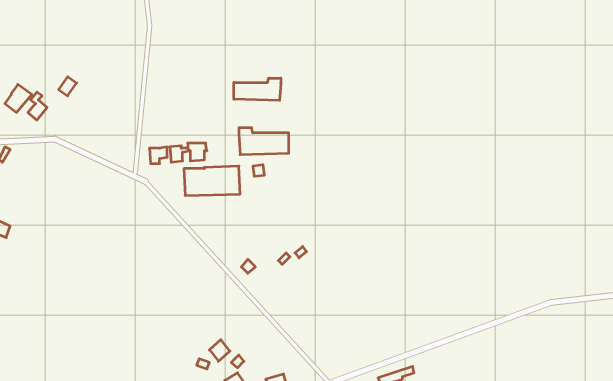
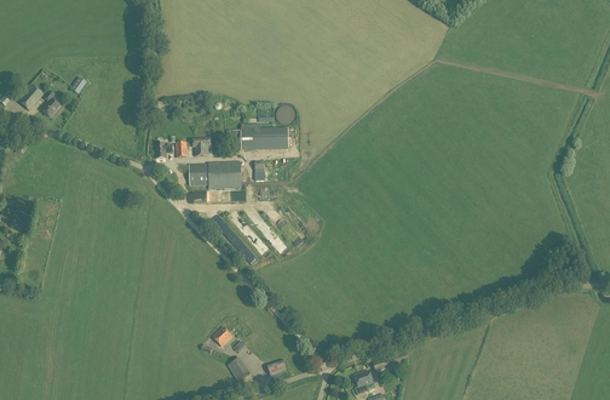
building: [234,78,281,100] -> none

